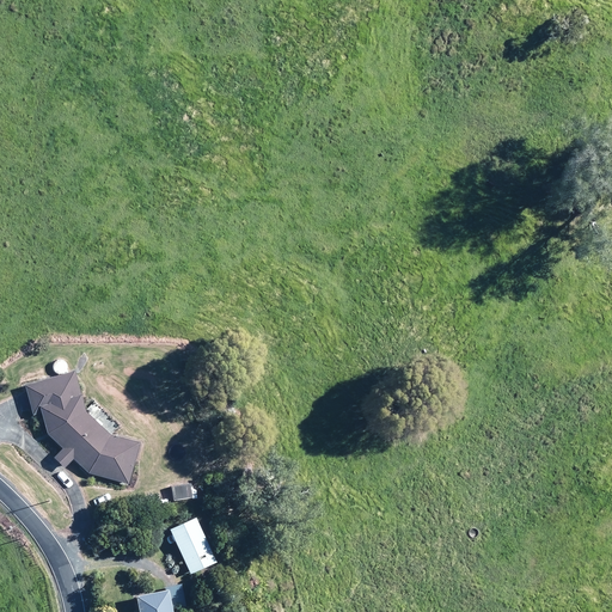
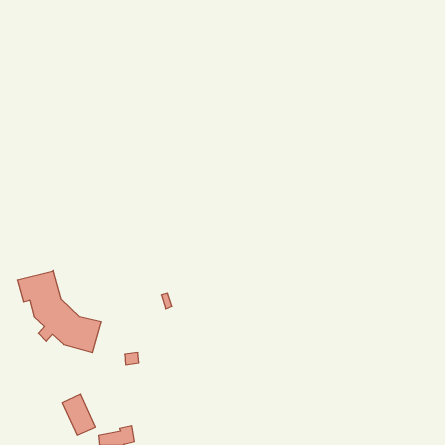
building: [170,518,215,574] -> [62,394,95,435]

